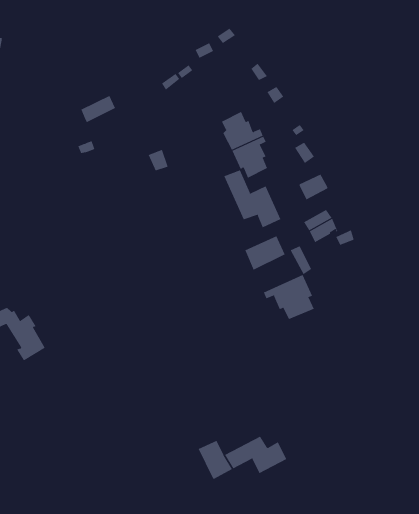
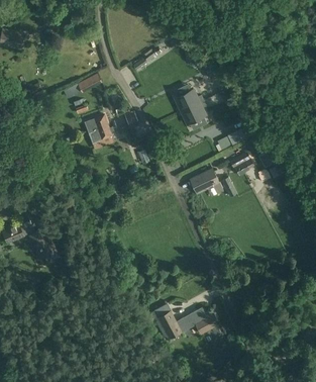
building: none -> [84,113,113,142]
building: [223,170,281,228] -> none
building: [263,274,315,320] -> none

